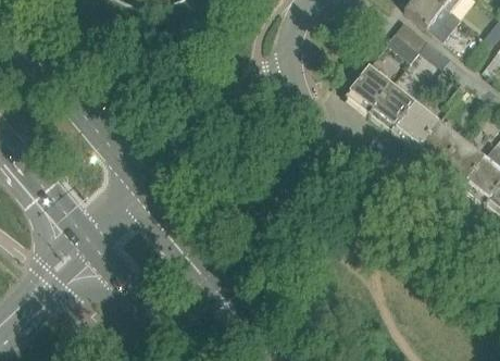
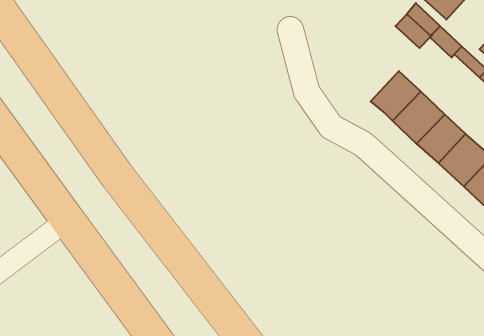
building: [347,65,395,114] -> none

